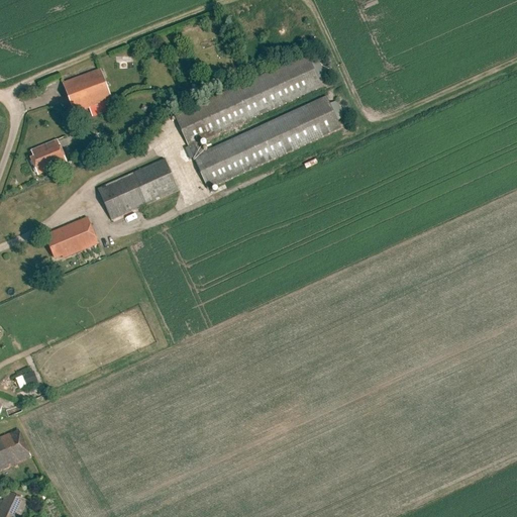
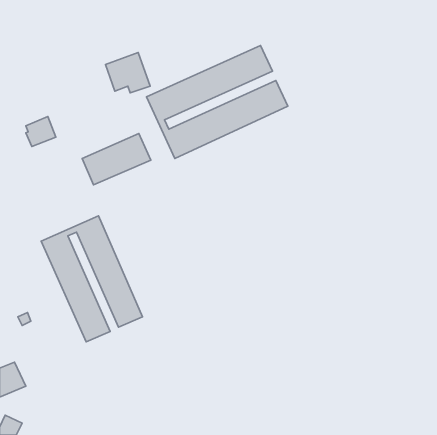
building: [62,67,114,114] -> [105,53,150,93]
building: [44,216,97,256] -> none
building: none -> [41,216,143,342]

